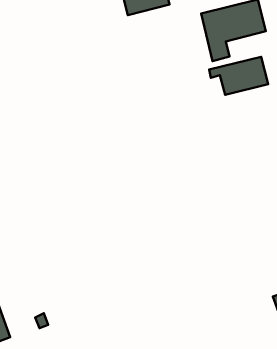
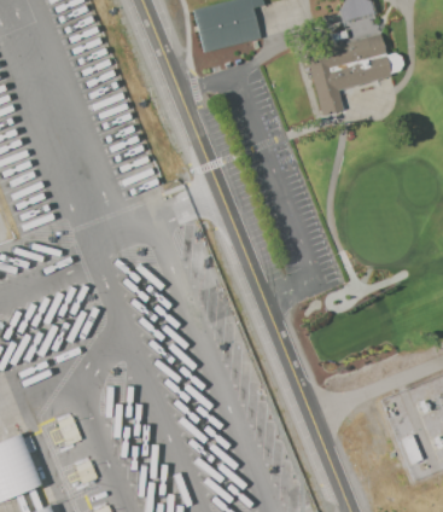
building: [209,57,268,95] -> none

